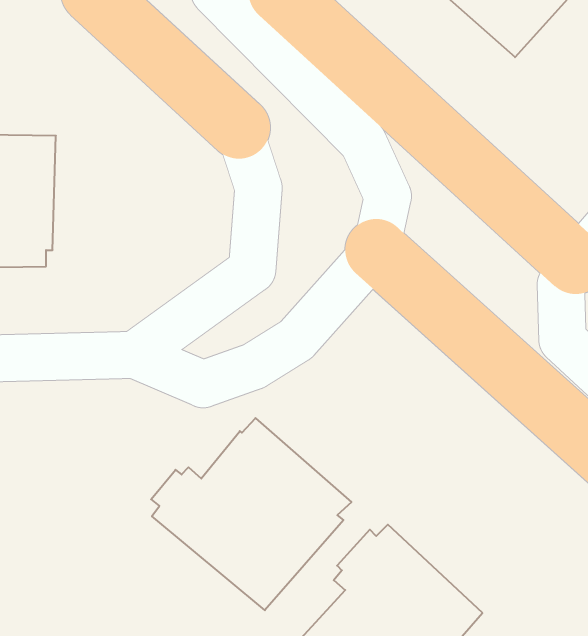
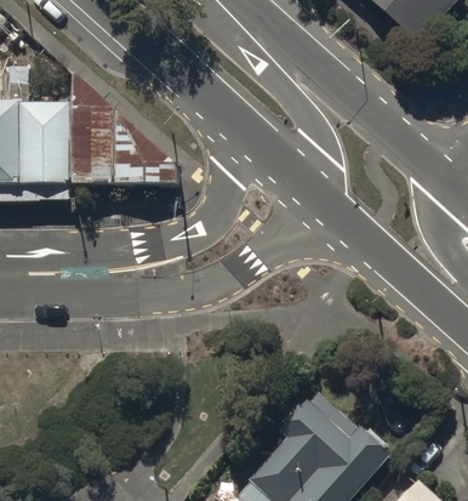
building: none -> [73,74,176,190]
building: [151,418,351,610] -> none

